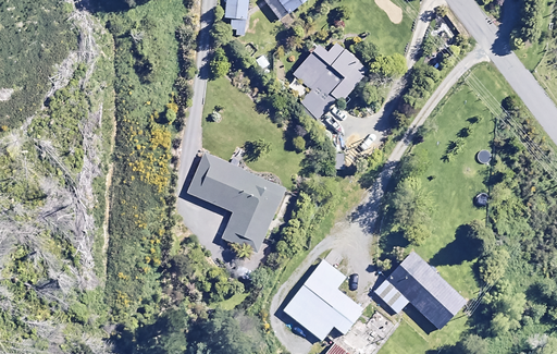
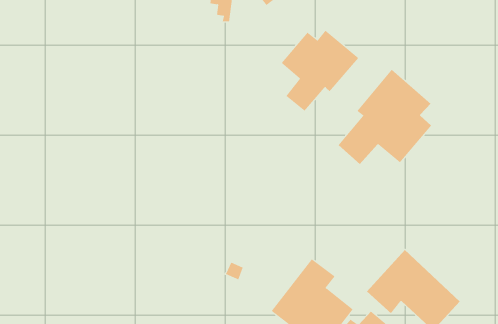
building: none -> [338,69,432,165]
building: [187,151,285,252] -> none

